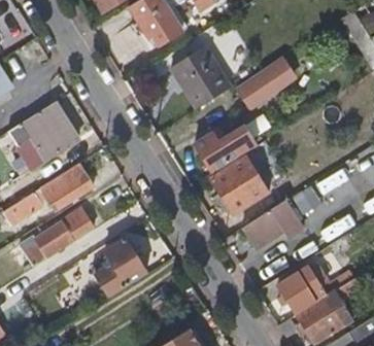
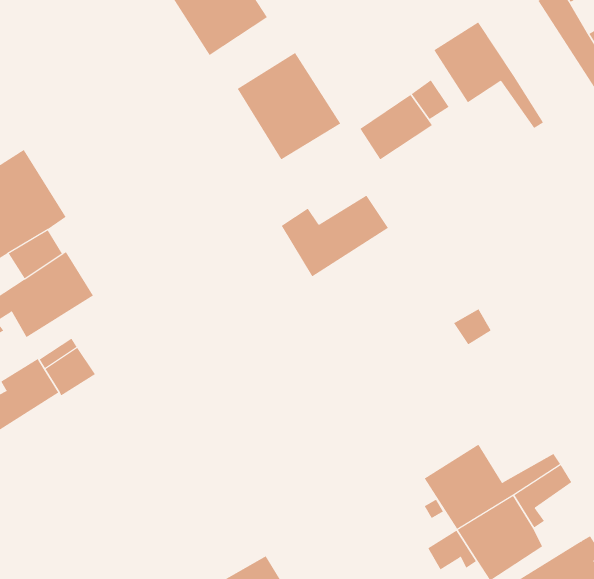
building: none -> [433,21,544,129]
building: [210,148,284,215] -> none
building: [244,202,305,251] -> none
building: [90,237,145,297] -> none

